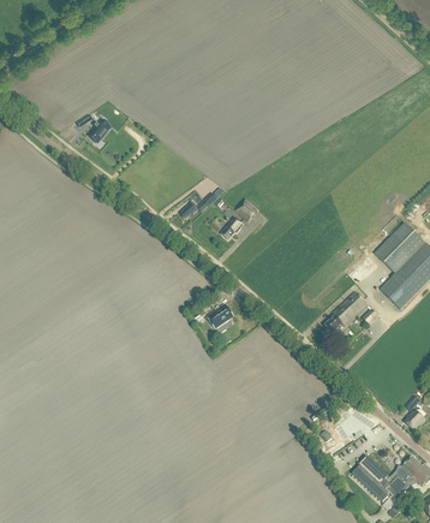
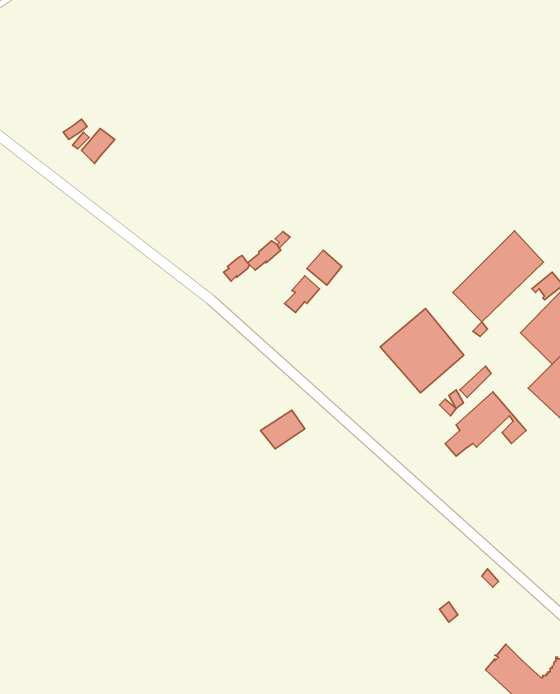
building: none -> [453,231,543,322]
building: none -> [380,309,464,393]

